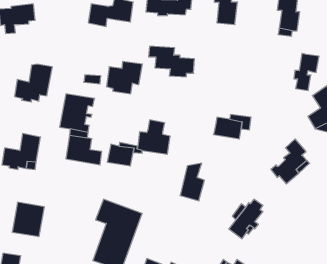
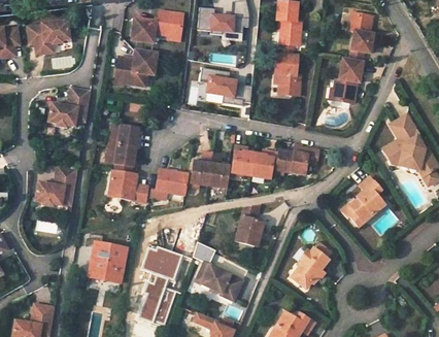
building: none -> [272,52,300,92]
building: [294,53,319,90] -> [334,58,363,100]
building: [106,61,142,94] -> [115,53,157,90]
building: none -> [226,146,274,181]
building: none -> [191,241,248,300]
building: [12,202,44,237] -> [90,242,127,281]

